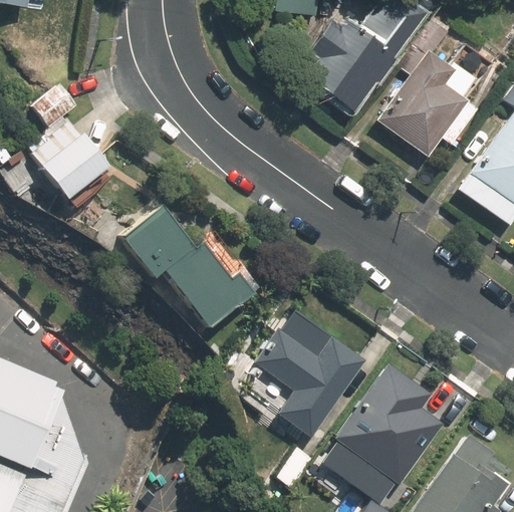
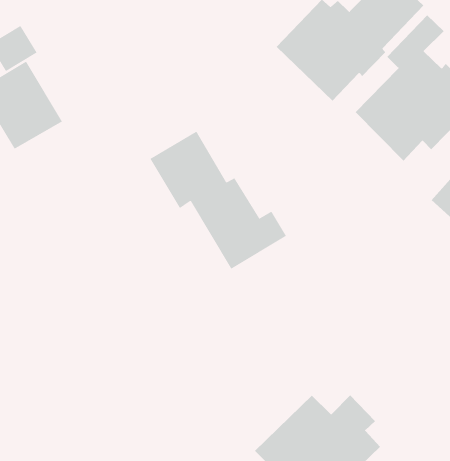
building: [121,204,258,327] -> [149,131,287,269]
building: [252,328,364,436] -> none

